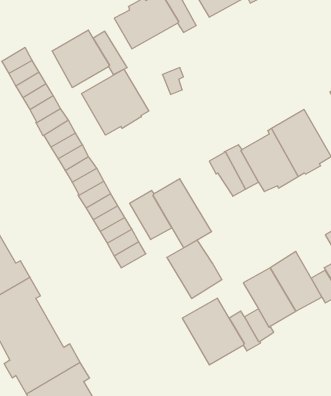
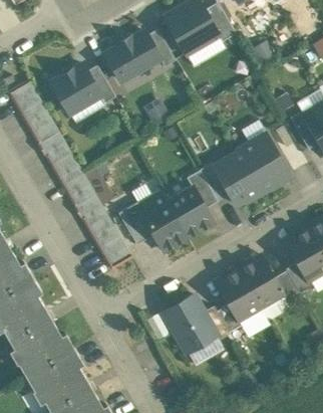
building: [82,69,149,135] -> none
building: [167,240,222,298] -> [167,189,214,239]

